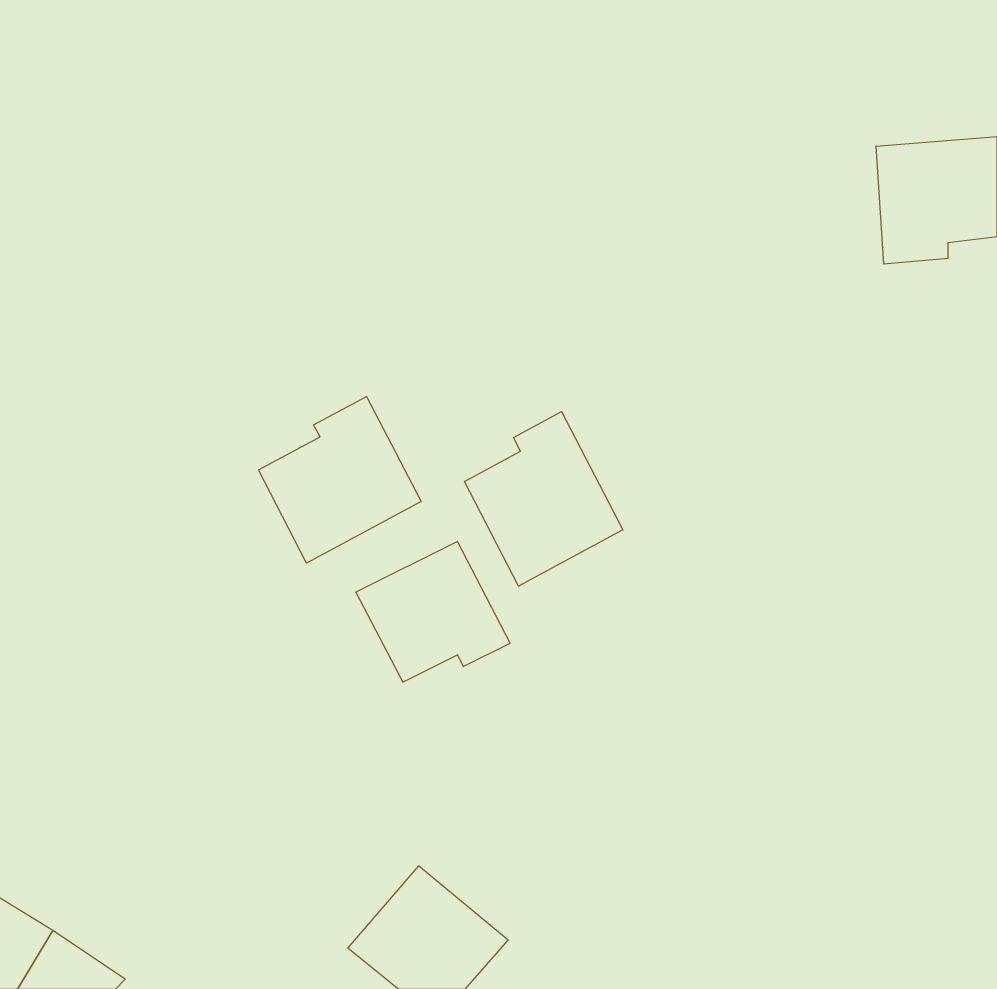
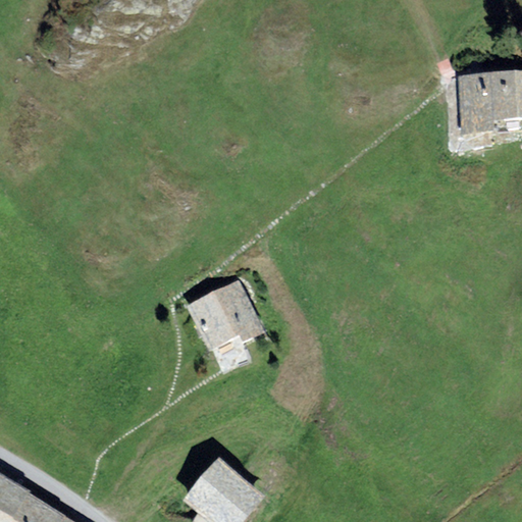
building: [258,396,421,563] -> none
building: [464,412,623,586] -> none

